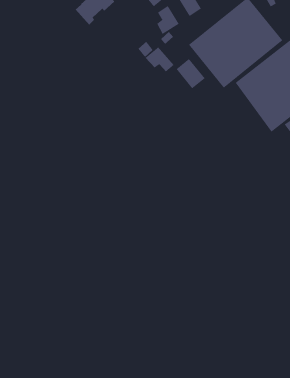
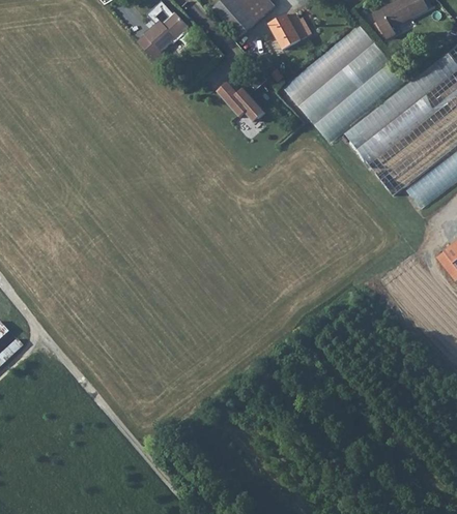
building: [156,5,179,35] -> none
building: [176,58,205,89] -> none

